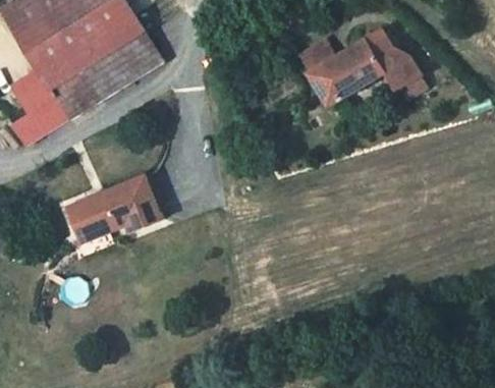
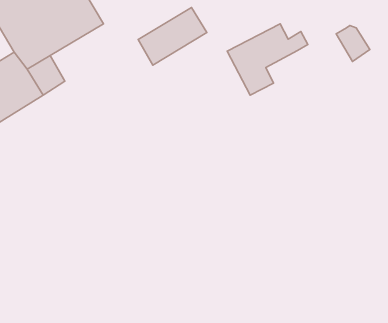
building: [86,29,167,97] -> [138,8,207,65]
building: [379,50,419,93] -> [336,25,370,61]
building: [59,178,155,246] -> none

